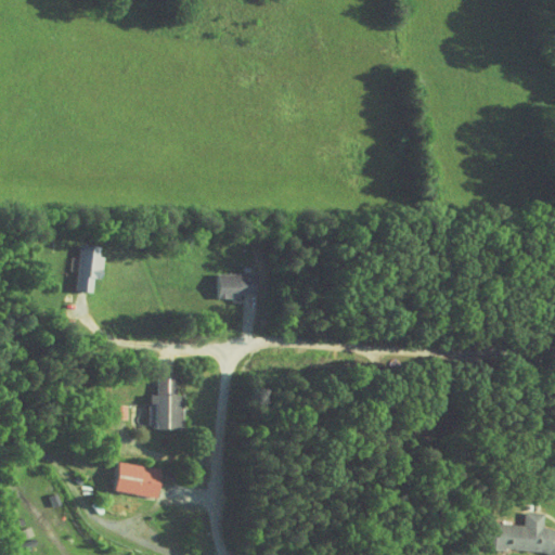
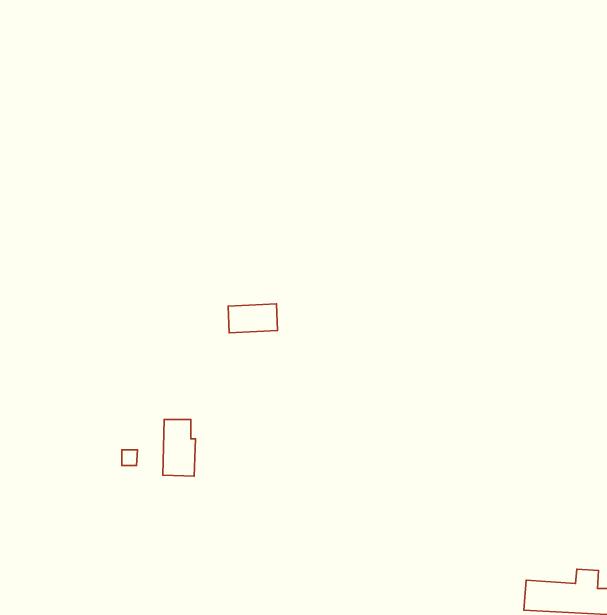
building: [76,247,104,295] -> none
building: [108,462,162,496] -> none

